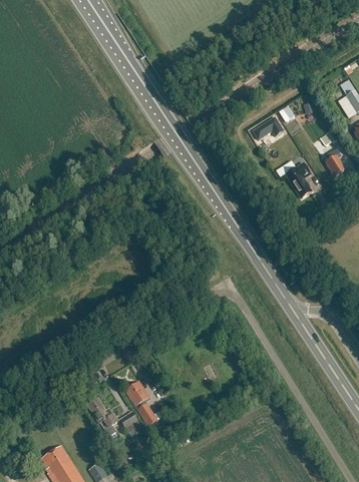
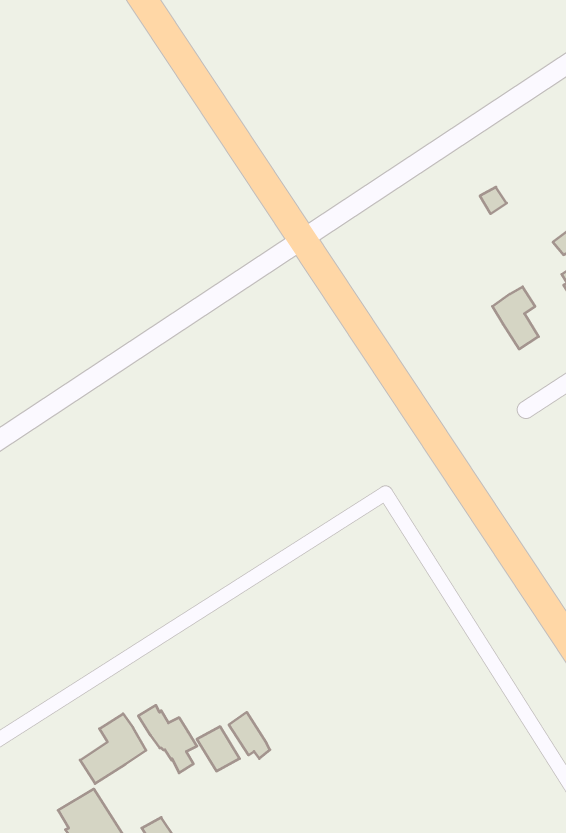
building: [249,112,284,140] -> none
building: [124,382,148,410] -> none
building: none -> [80,714,146,784]

